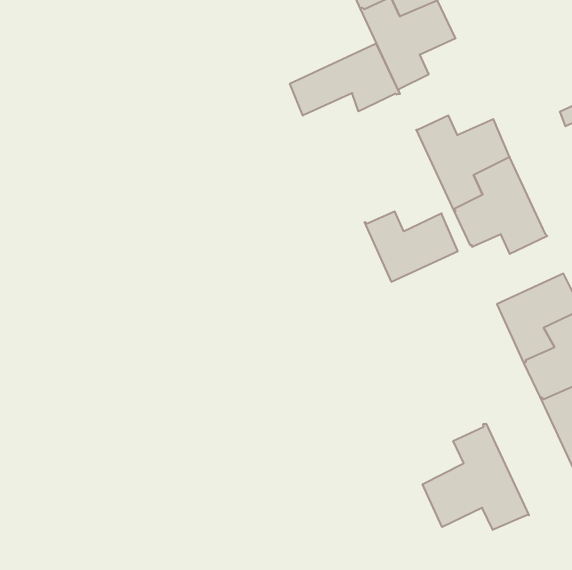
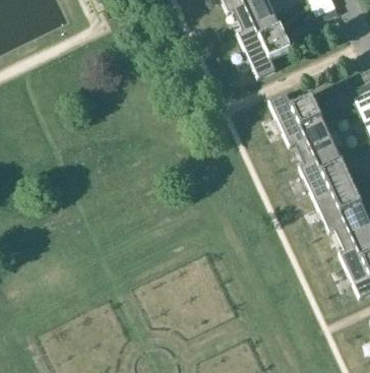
building: [290,43,400,116] -> none
building: [364,212,458,282] -> [299,158,352,197]
building: [423,424,529,530] -> none

